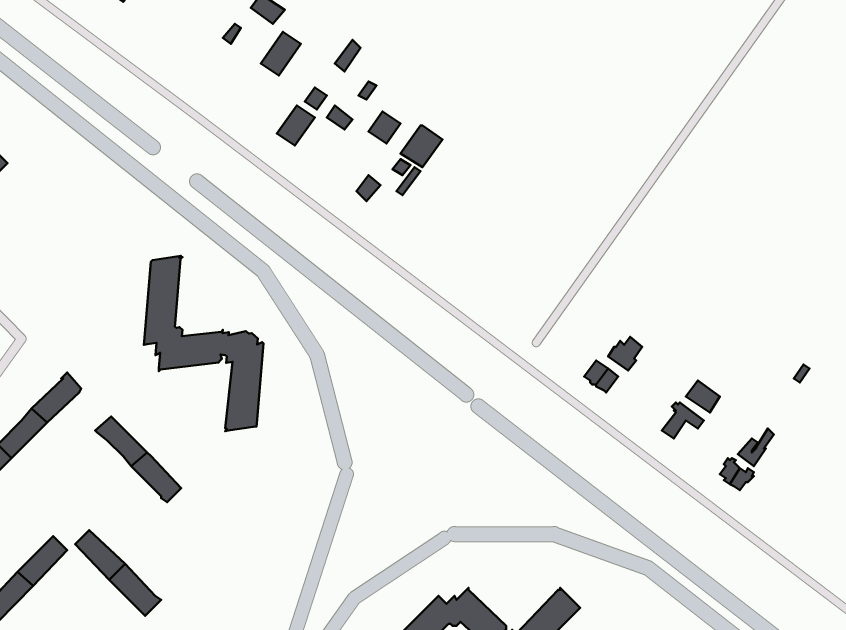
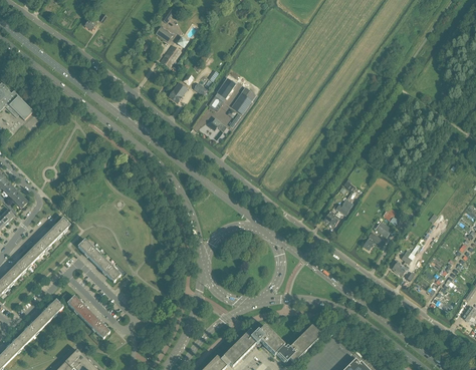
building: [144,256,263,431] -> none

